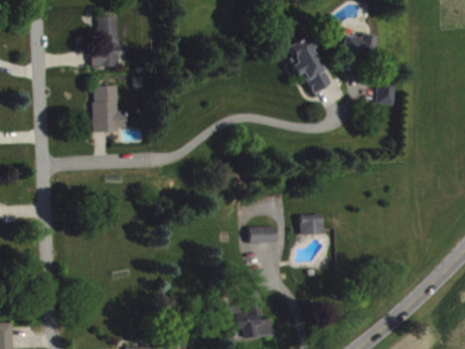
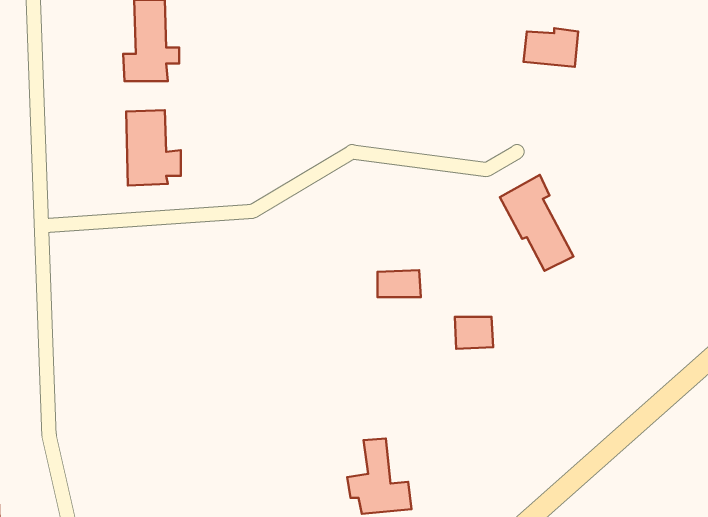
building: [284,32,330,93] -> [500,175,573,271]
building: [375,79,395,104] -> none
building: [249,225,276,242] -> [378,270,421,297]

